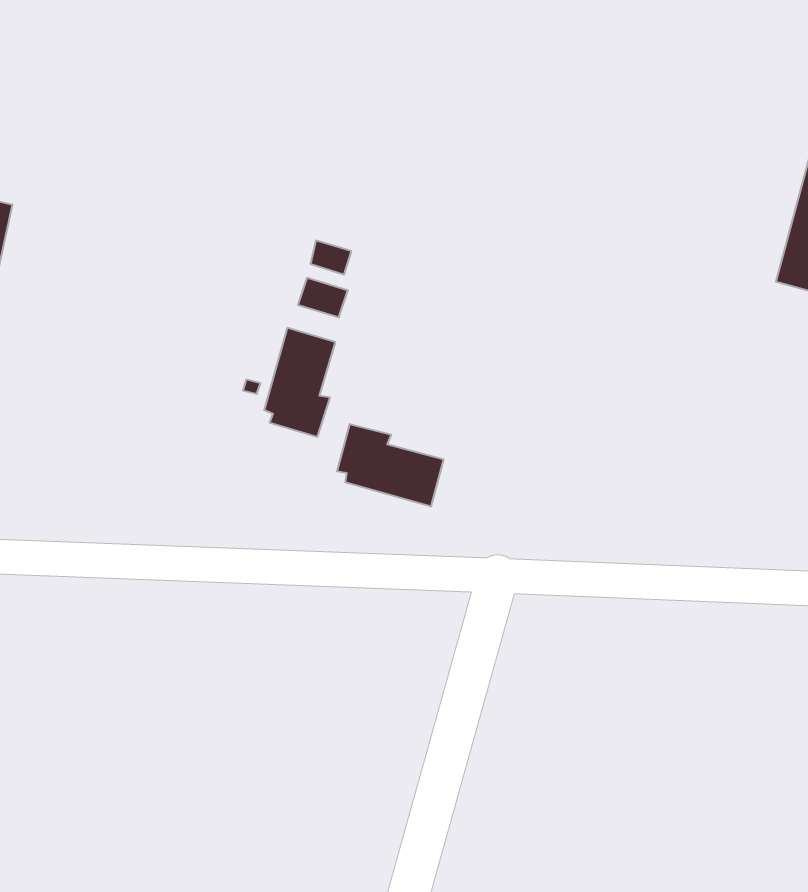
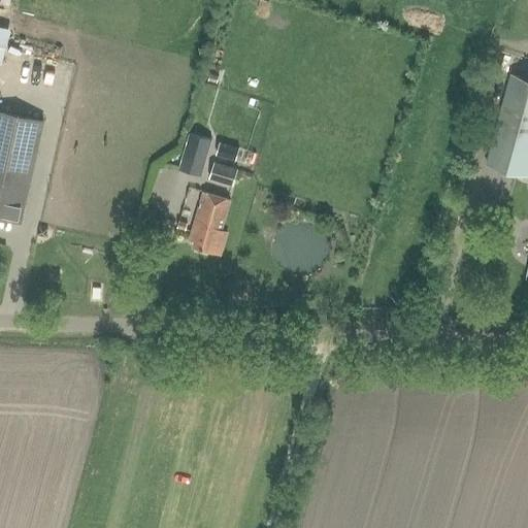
building: none -> [177,133,208,175]
building: [337,424,443,507] -> none

